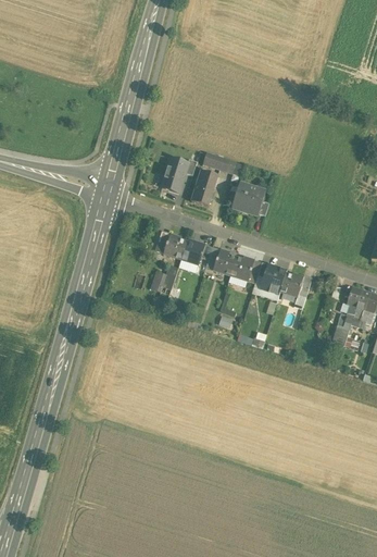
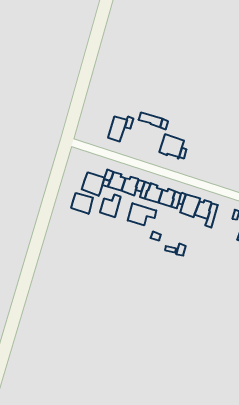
building: [191,170,217,207] -> none
building: none -> [82,172,104,196]
building: none -> [71,193,93,214]
building: none -> [128,203,156,225]

